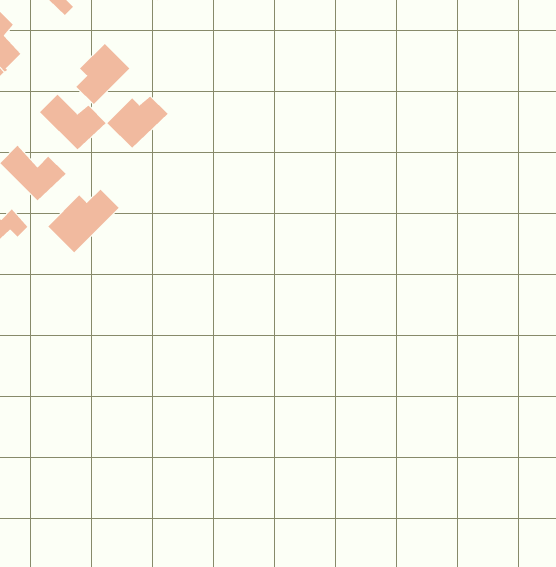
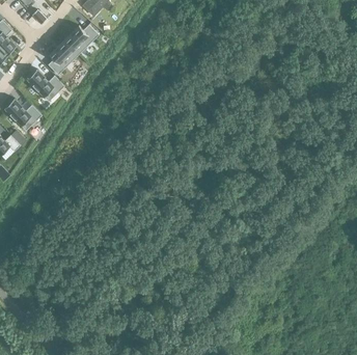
building: [107,96,168,148] -> [64,25,100,55]
building: [47,189,120,253] -> none

